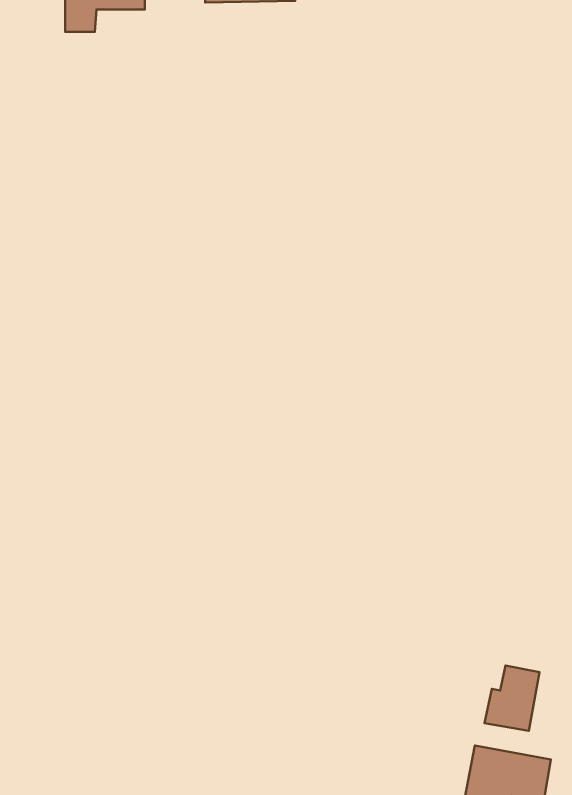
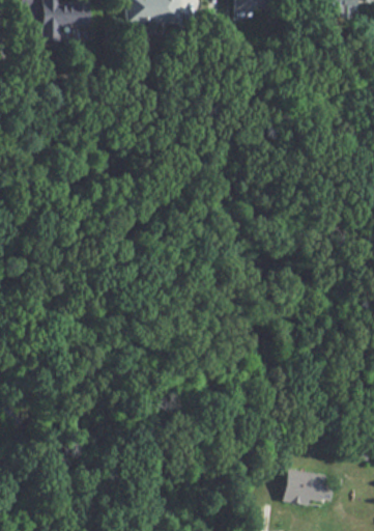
building: [484,666,540,731] -> none

